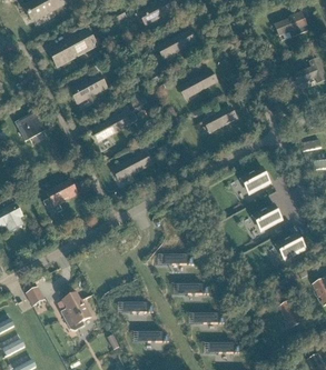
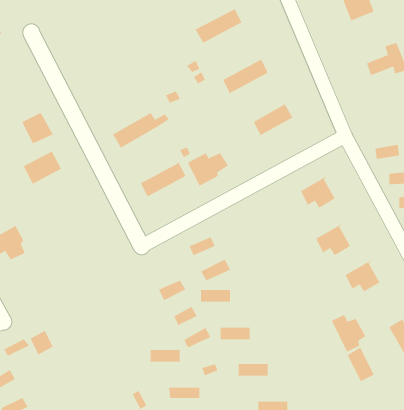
building: [48,30,96,67] -> none
building: [70,74,106,104] -> none
building: none -> [187,153,229,187]
building: [46,180,77,207] -> [23,151,62,184]
building: none -> [331,314,366,353]
building: [60,293,91,330] -> none

